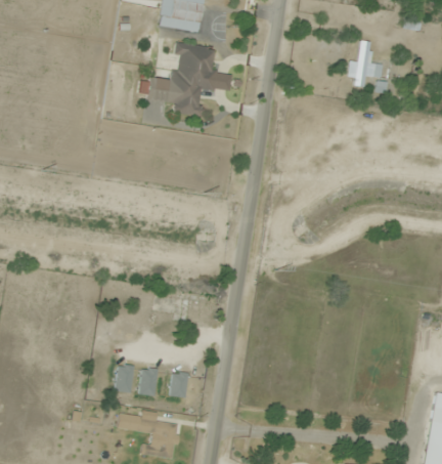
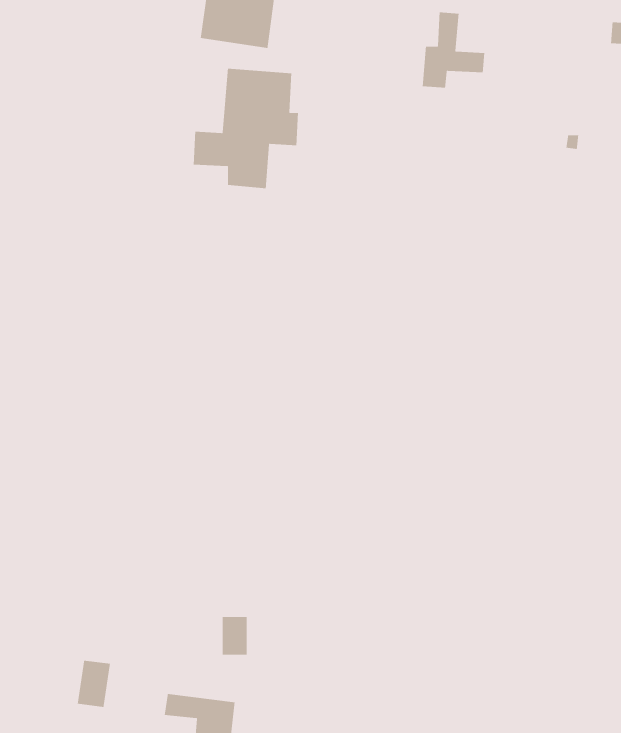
building: [349,41,387,87] -> [422,12,485,89]
building: [114,365,134,393] -> [77,660,111,708]
building: [138,368,158,396] -> none

